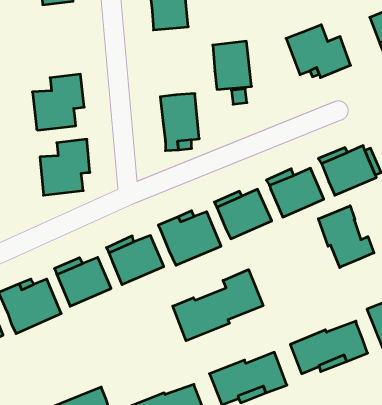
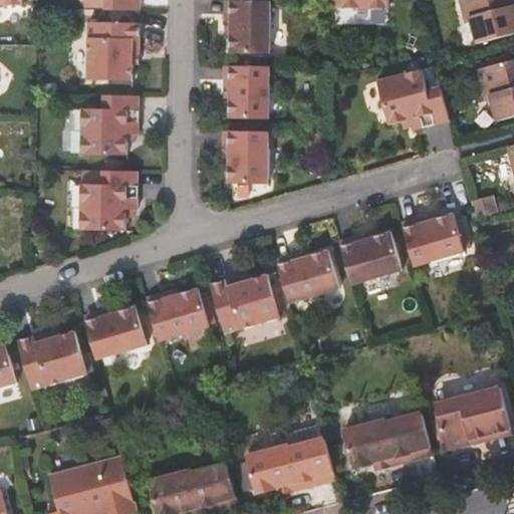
building: none -> [89,23,141,81]
building: [213,41,252,89] -> [227,67,267,119]
building: [318,206,374,268] -> none
building: [173,270,263,341] -> none

